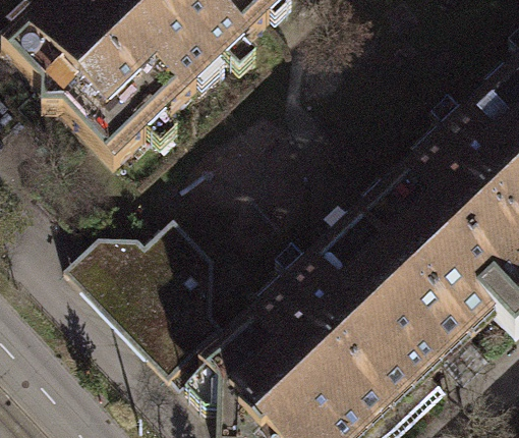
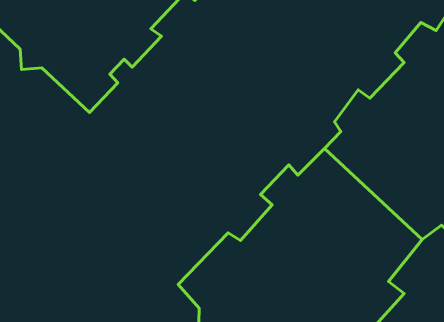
building: [70,223,225,379] -> none

